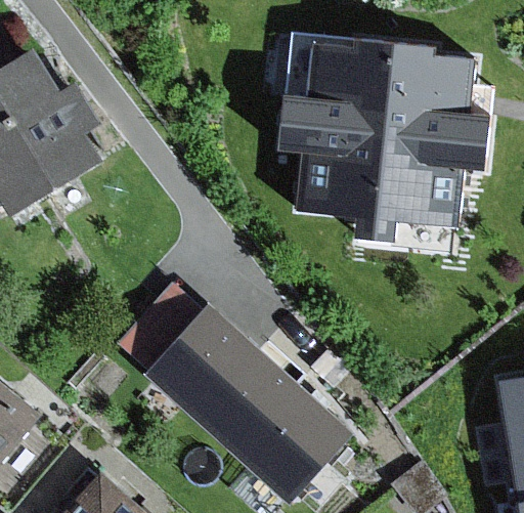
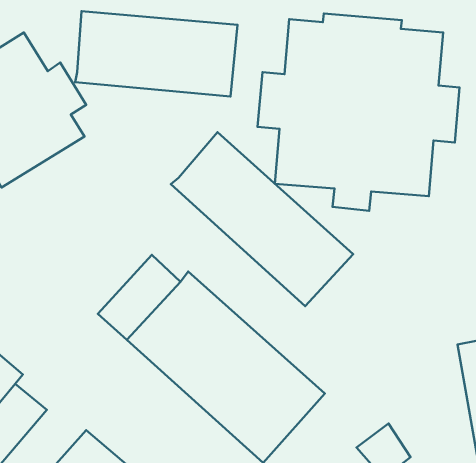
building: none -> [75,11,237,96]
building: none -> [171,132,353,306]

